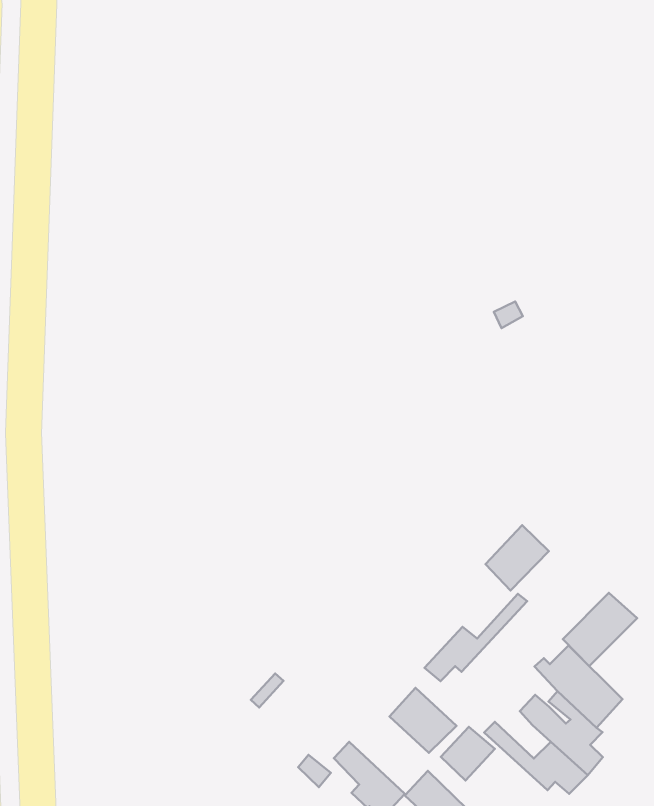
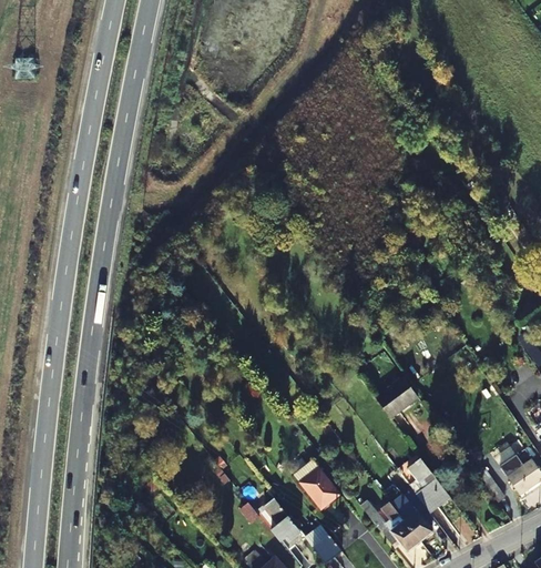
building: [563,593,637,666] -> none
building: [424,594,527,681] -> none
building: [441,727,495,780] -> none

